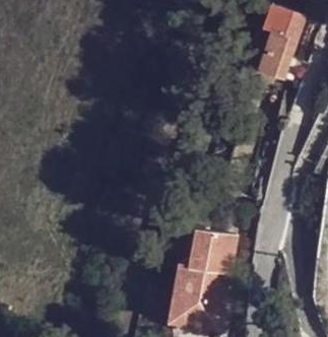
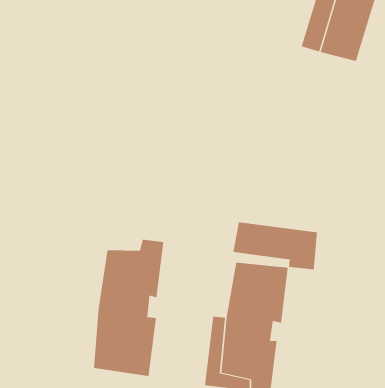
building: none -> [233,221,318,270]
building: none -> [93,239,164,377]

